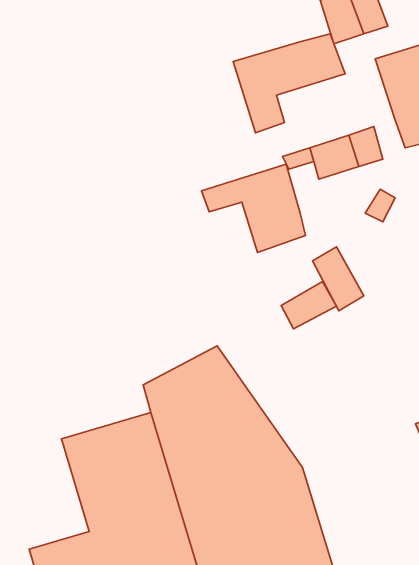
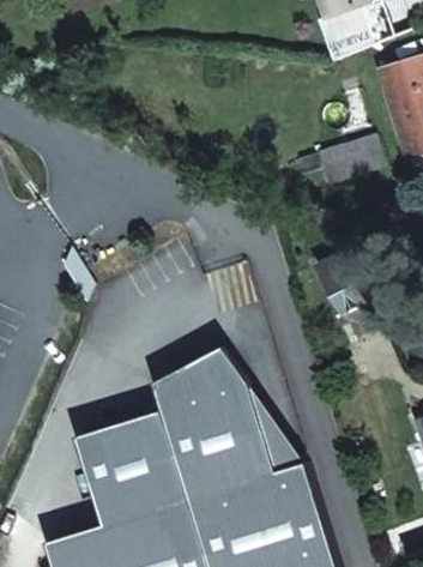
building: [233,34,345,133] -> none
building: [201,164,305,253] -> none
building: [281,281,336,329] -> none

